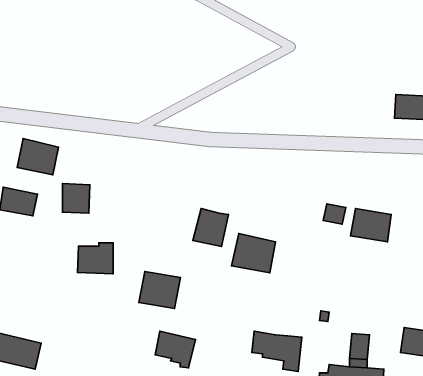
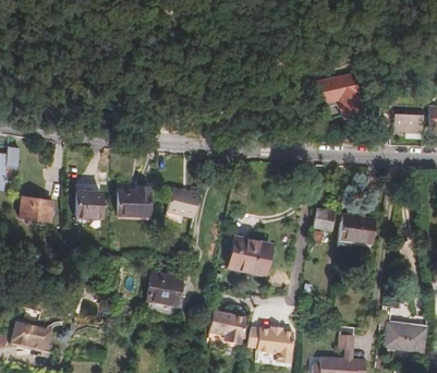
building: none -> [311,71,362,112]
building: [17,139,58,175] -> none
building: [193,209,229,247] -> [167,185,199,220]
building: [77,243,113,274] -> [116,188,148,216]
building: [155,331,196,368] -> [209,310,246,344]

